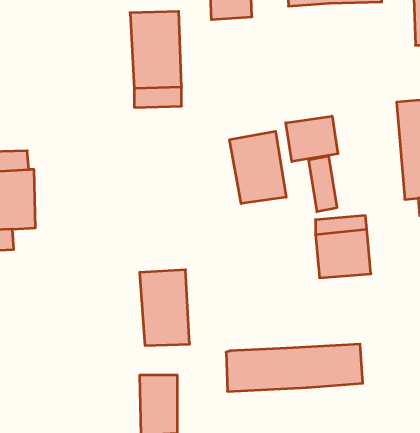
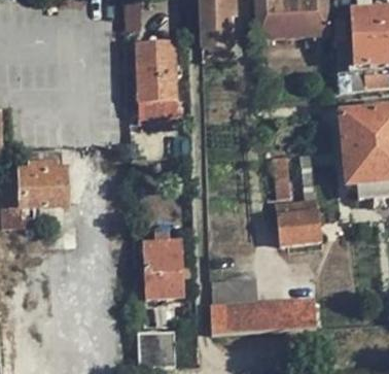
building: [286,116,338,162] -> none
building: [230,131,286,204] -> none
building: none -> [212,277,256,302]

